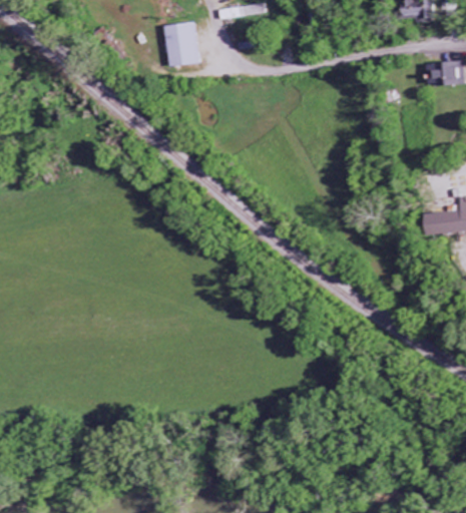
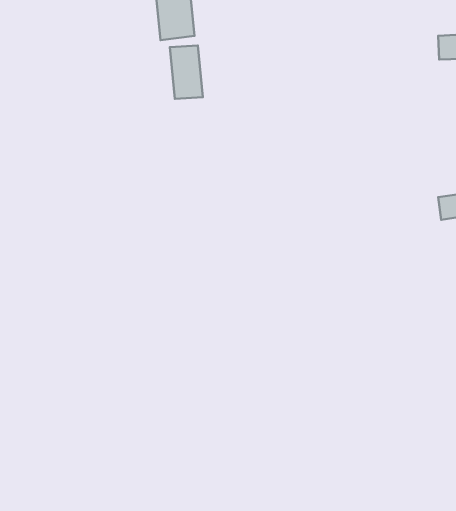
building: none -> [170,46,203,99]

